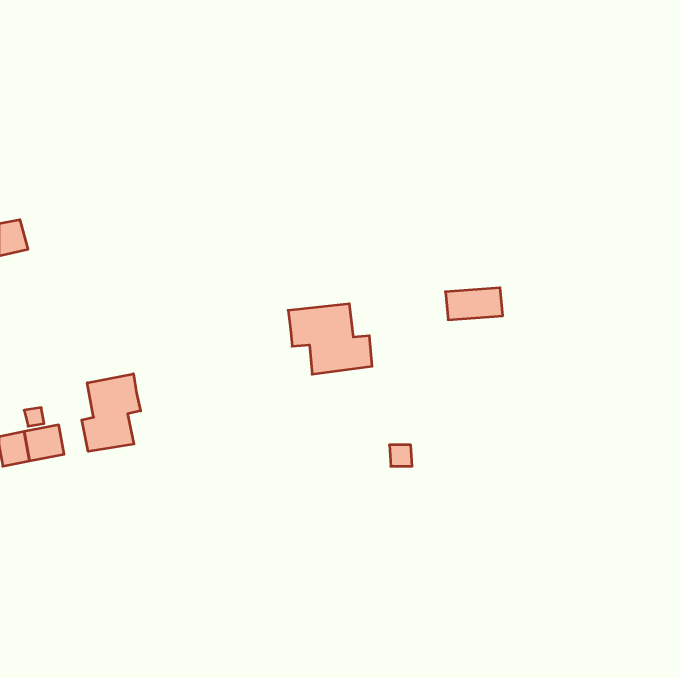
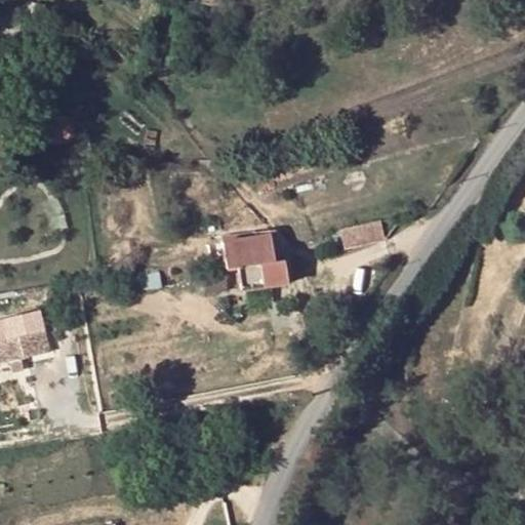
building: [82,374,141,451] -> none

